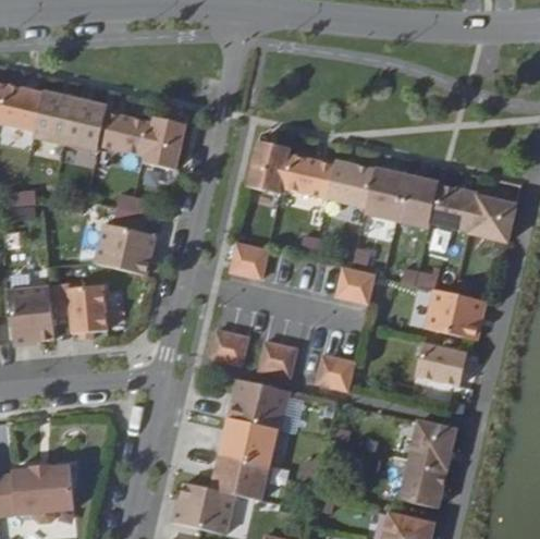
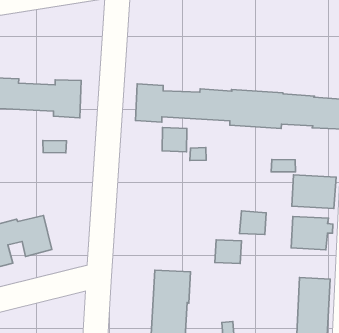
building: [102,207,165,258] -> none
building: [230,243,266,279] -> [162,127,187,152]
building: [334,267,372,302] -> [239,211,266,235]
building: [210,329,247,365] -> none
building: [259,340,296,376] -> none

